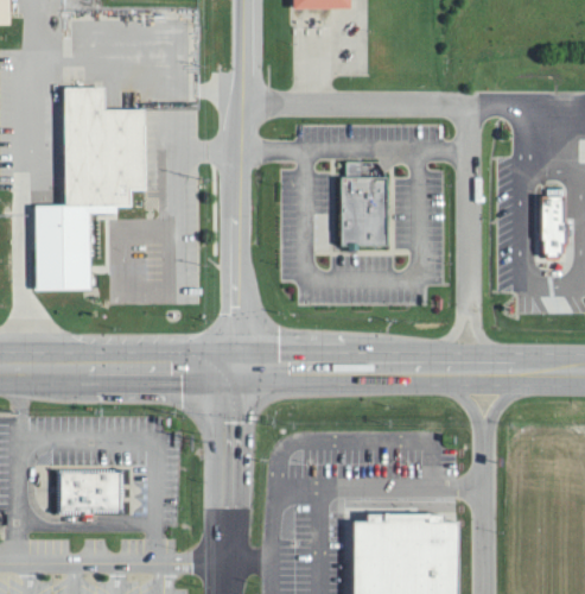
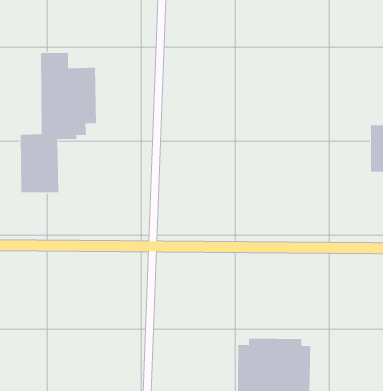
building: [342,166,389,253] -> none
building: [55,468,121,510] -> none

